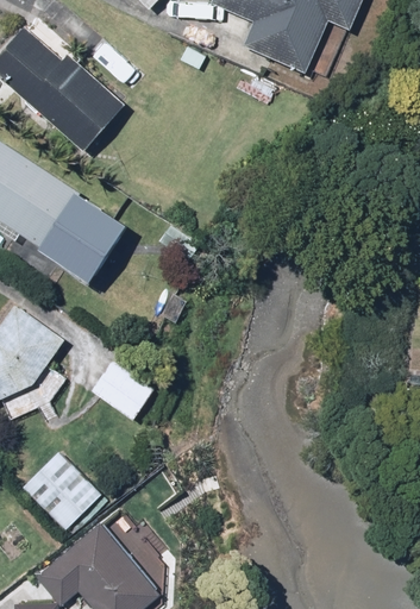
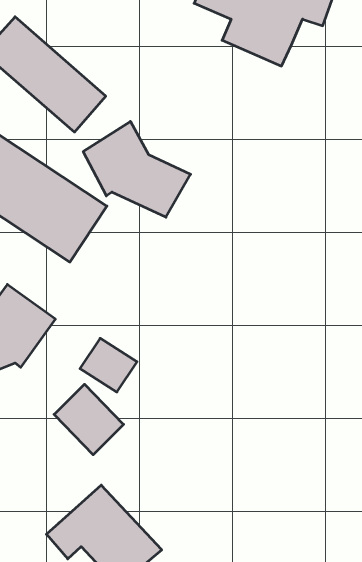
building: none -> [83,121,191,217]
building: [26,451,100,526] -> [54,384,124,455]

